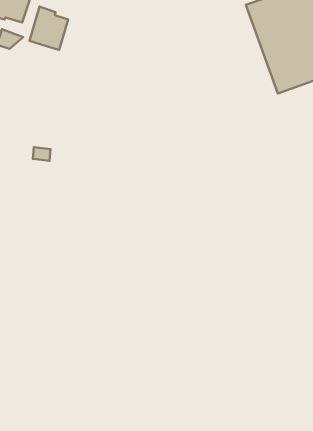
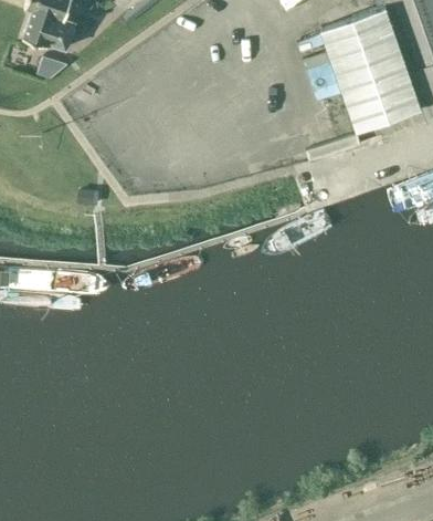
building: [29,7,68,50] -> none

